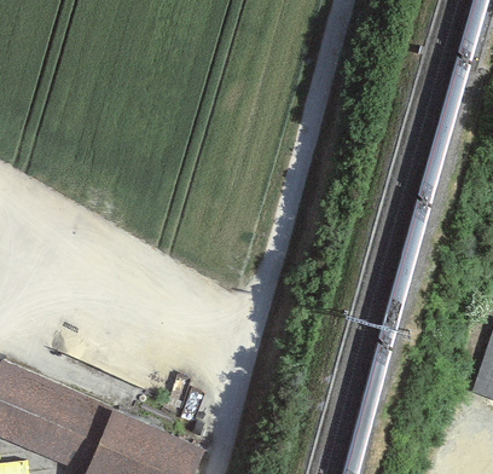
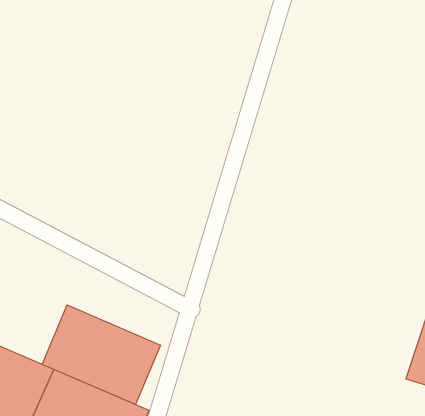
building: none -> [42,305,160,405]

